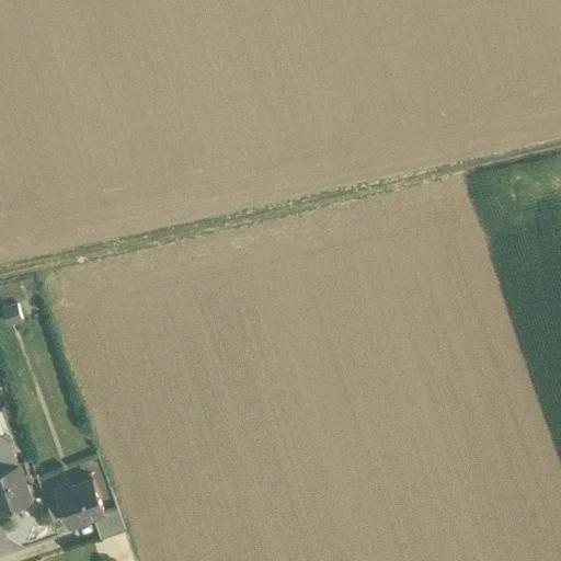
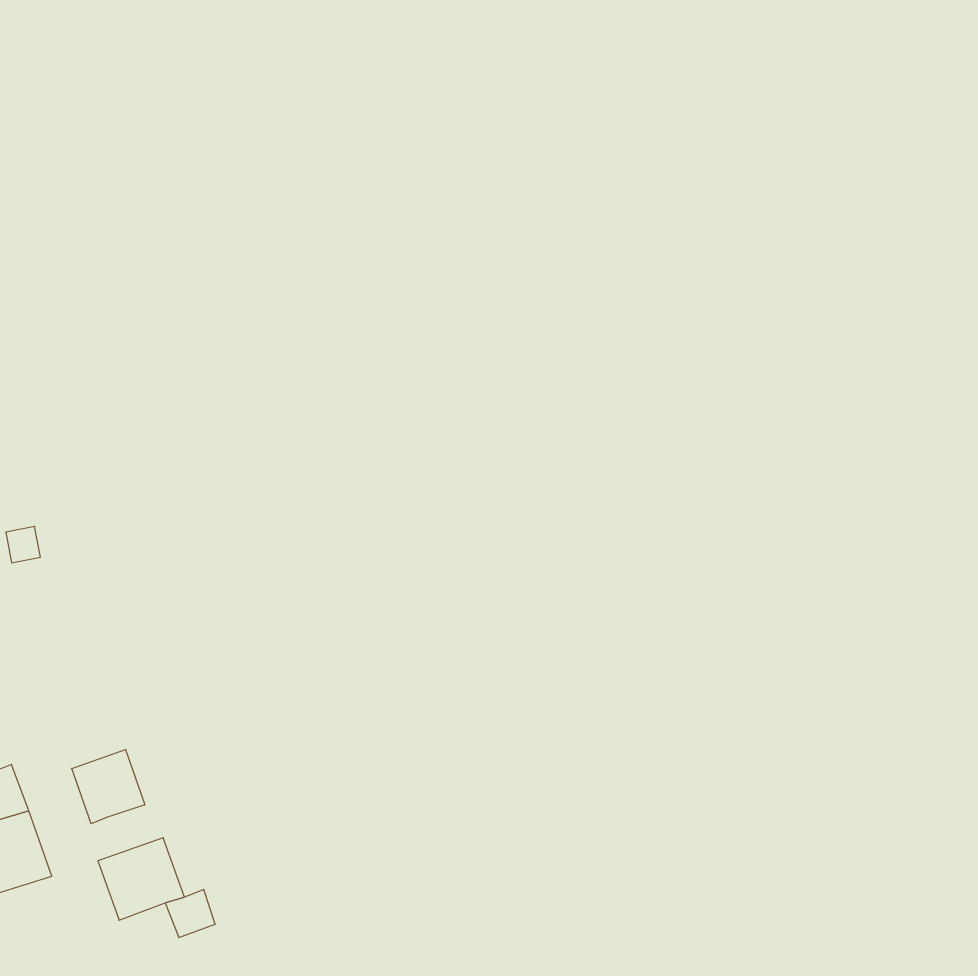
building: none -> [72,749,145,824]

